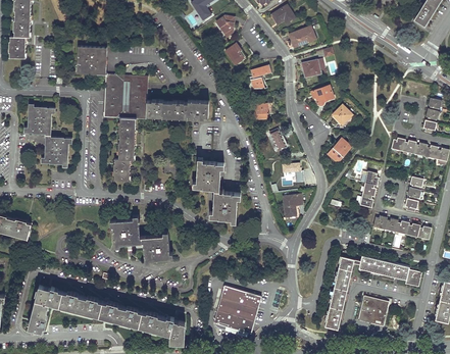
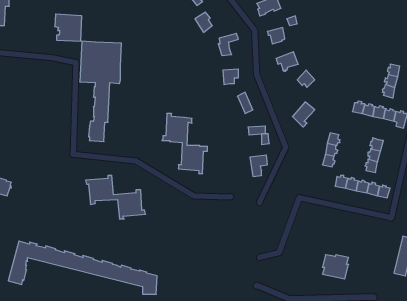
building: [146,101,208,118] -> none
building: [23,105,71,168] -> none
building: [324,256,420,332] -> none
building: [213,287,260,337] -> none

